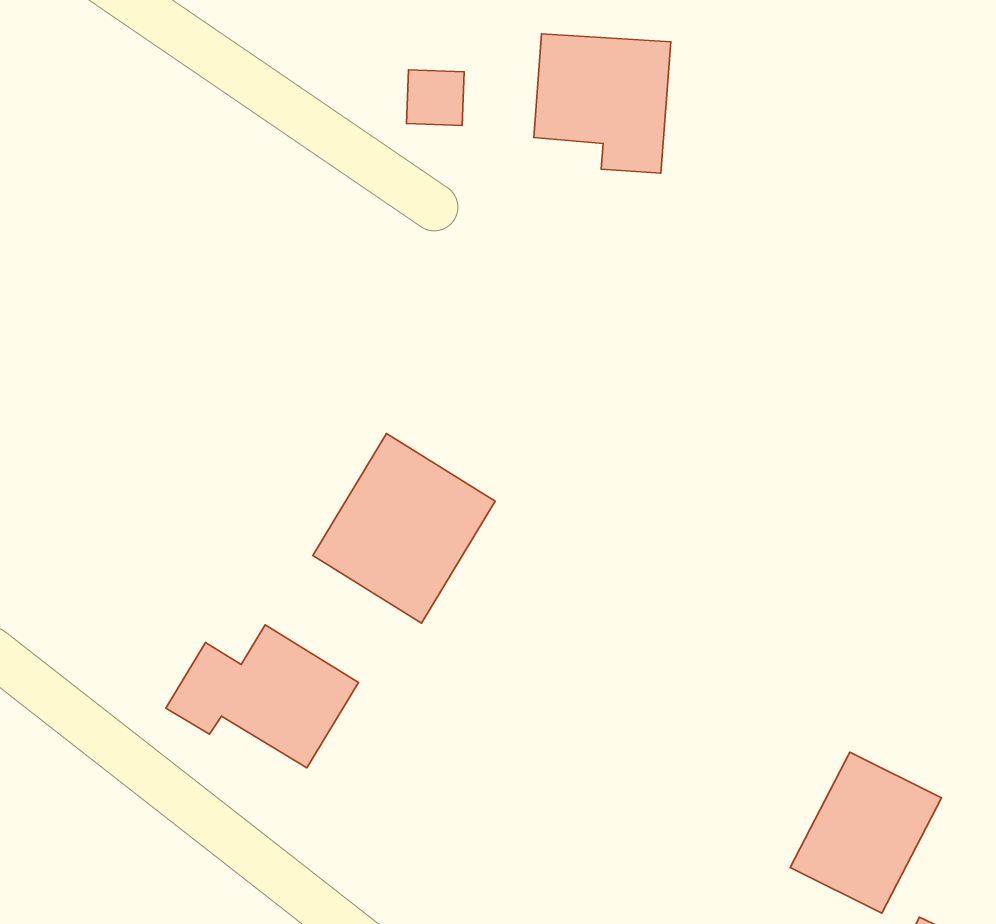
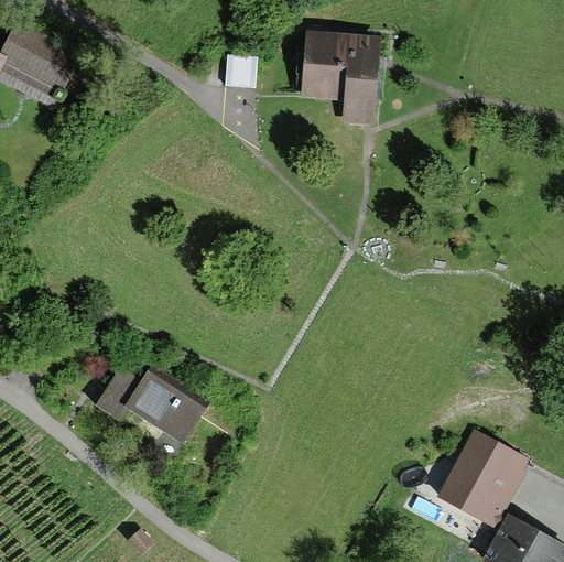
building: none -> [9,29,84,94]
building: [313,434,495,623] -> none

